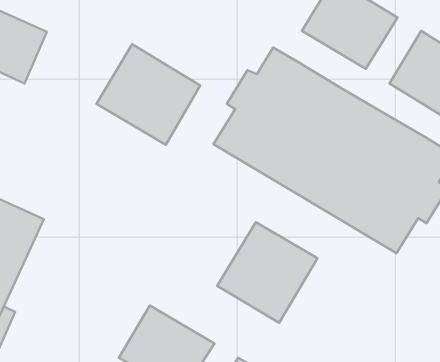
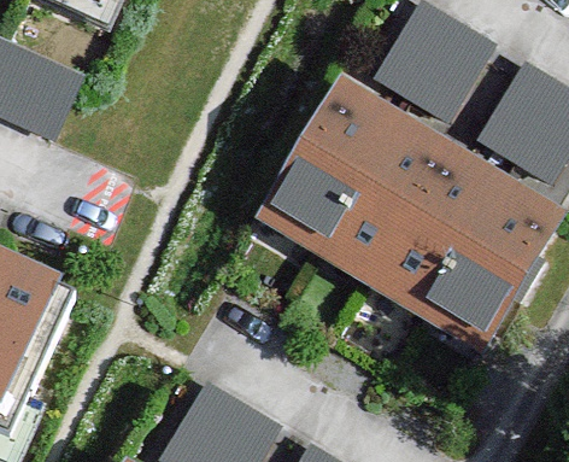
building: [97,44,200,145] -> none
building: [217,222,318,323] -> none

